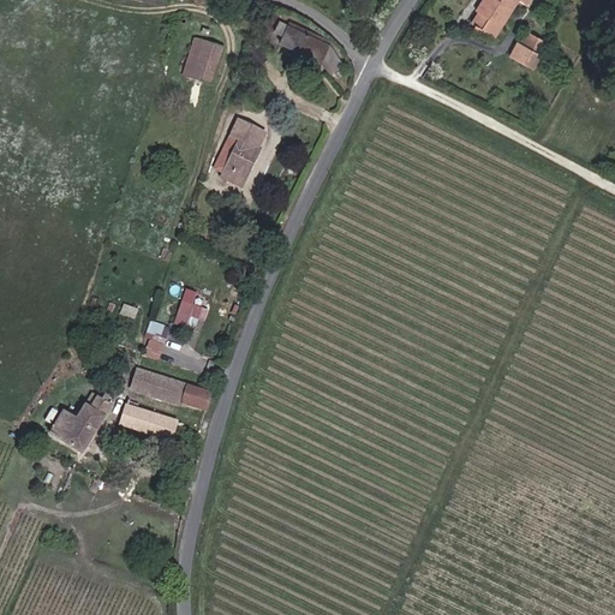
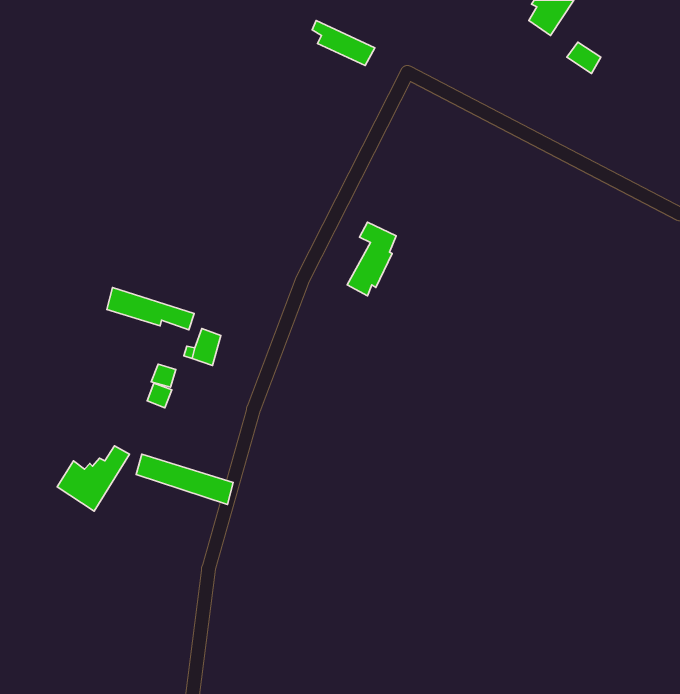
building: [193,40,225,82] -> none
building: [221,119,264,184] -> [347,222,396,296]
building: [132,366,209,404] -> [107,288,194,330]

